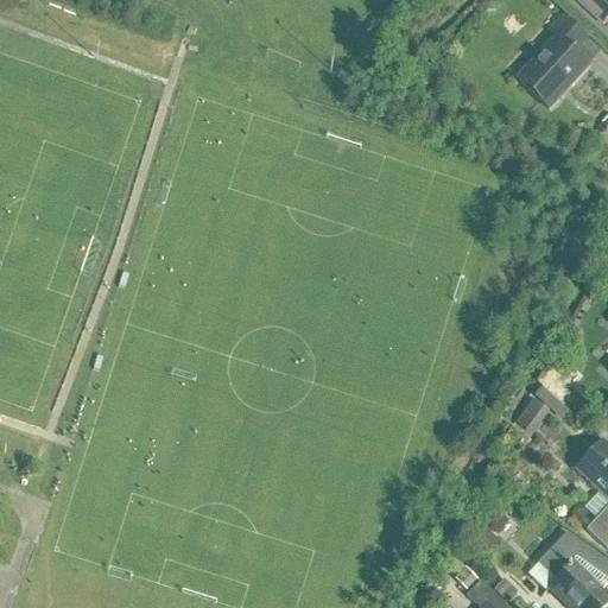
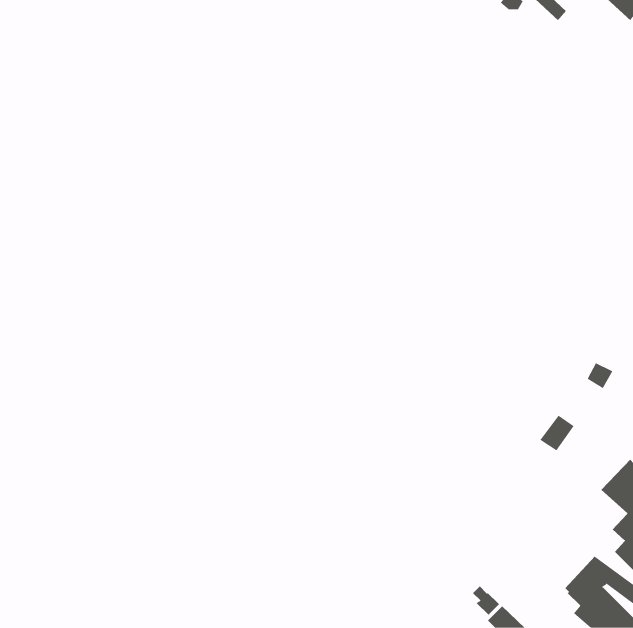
building: [518,12,591,106] -> none

